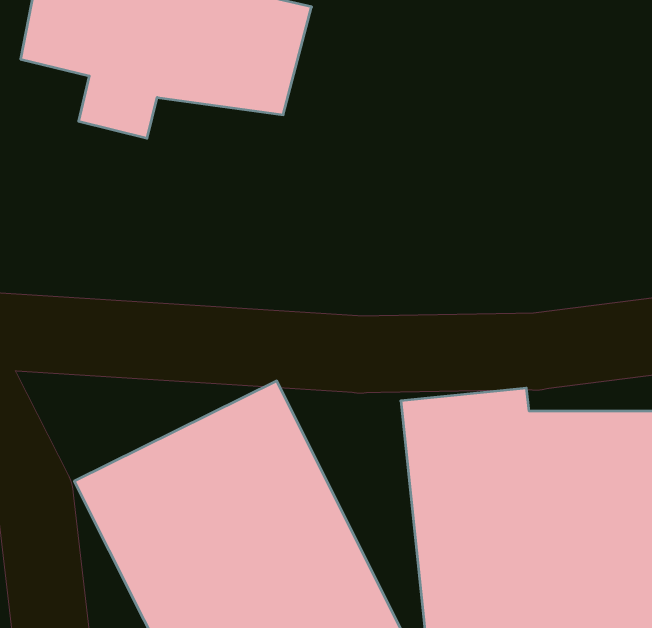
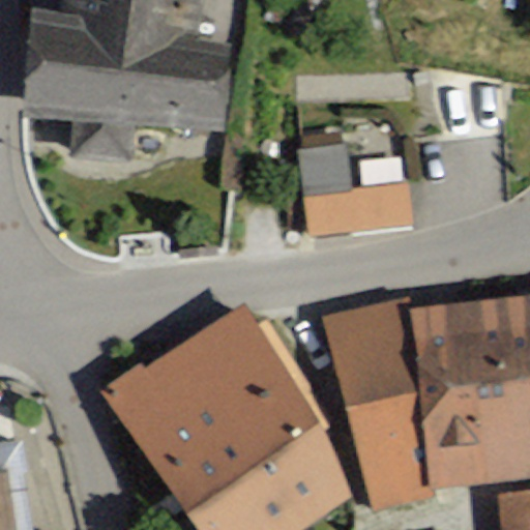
building: none -> [303,146,418,239]

